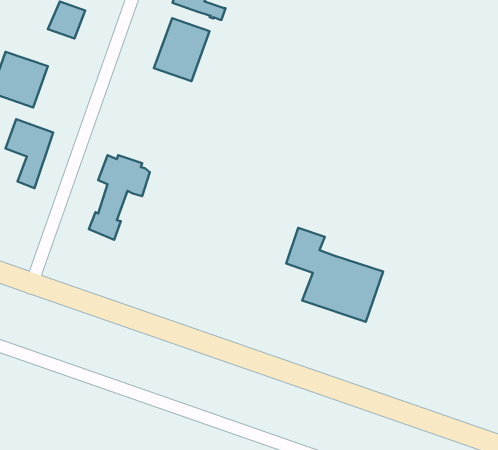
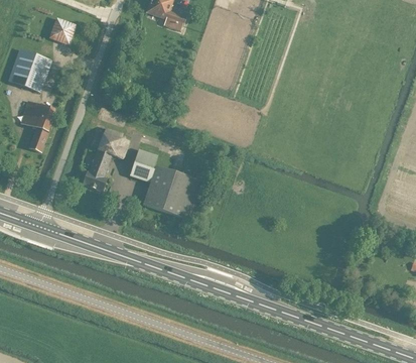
building: [154,18,210,81] -> none
building: [286,228,383,322] -> [130,149,203,221]

